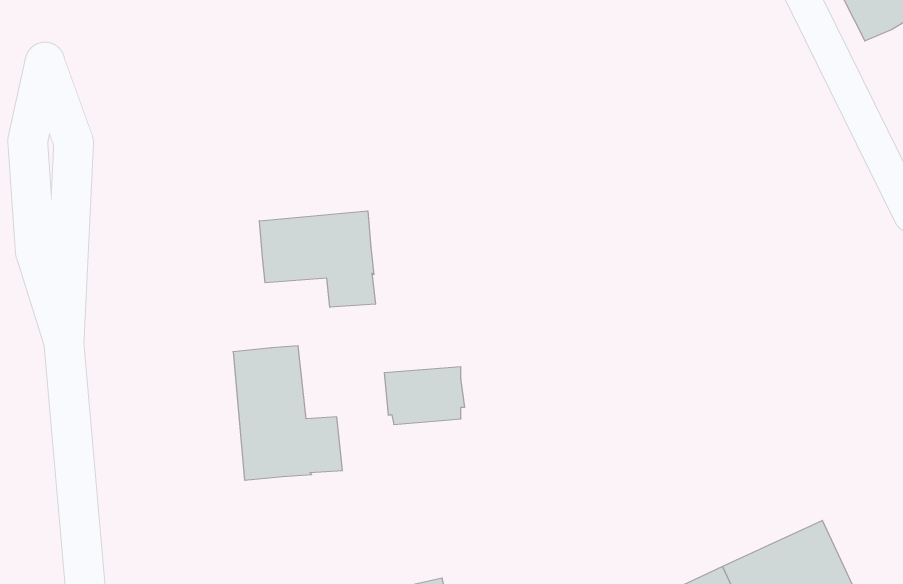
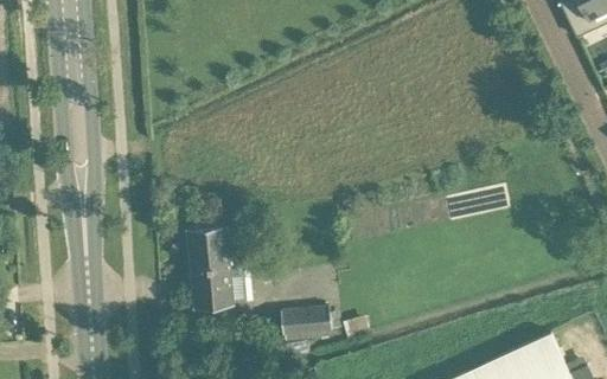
building: [259,211,375,307] -> none
building: [384,367,465,424] -> [282,307,332,342]

